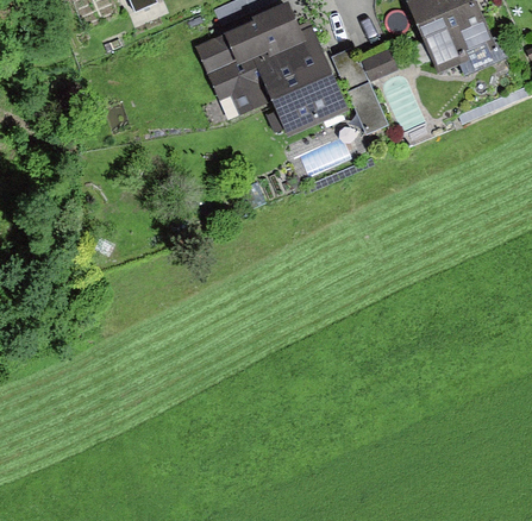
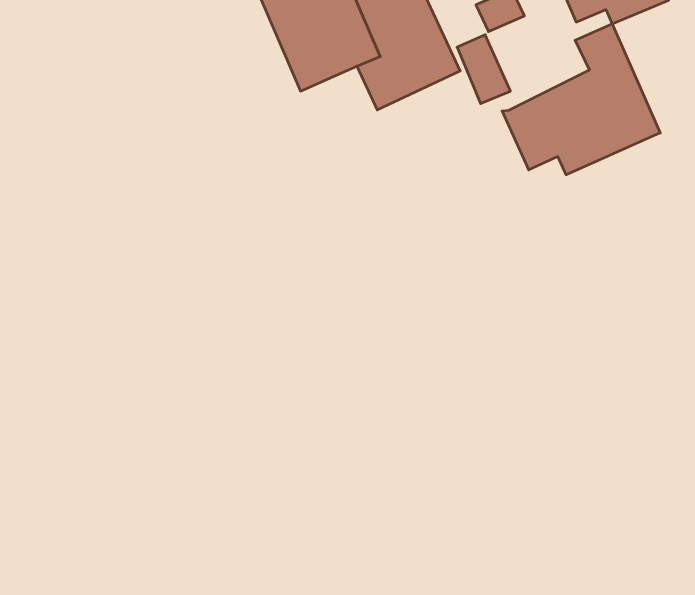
building: none -> [502,24,660,175]

